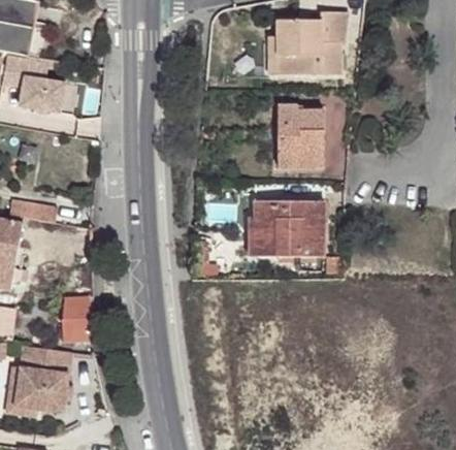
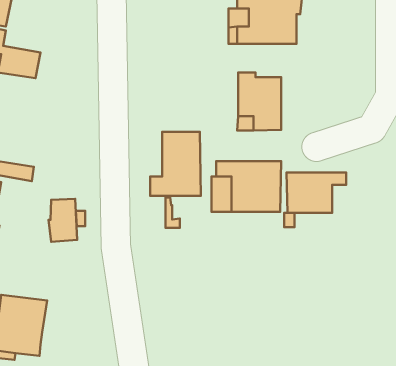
building: none -> [150,132,201,196]
building: none -> [287,173,346,213]
building: [61,295,92,342] -> [48,199,77,242]

